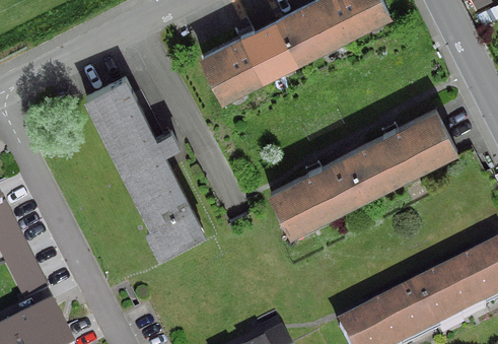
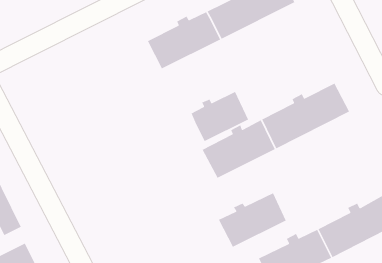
building: [86,78,203,253] -> none
building: none -> [190,91,249,142]
building: none -> [218,192,287,248]

